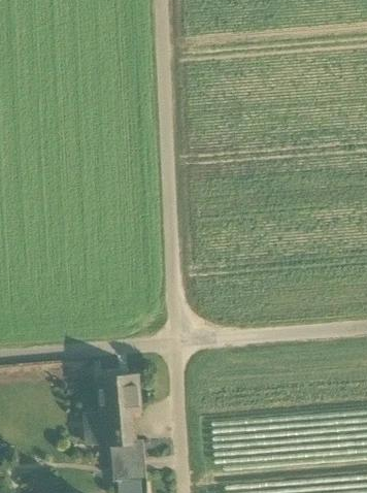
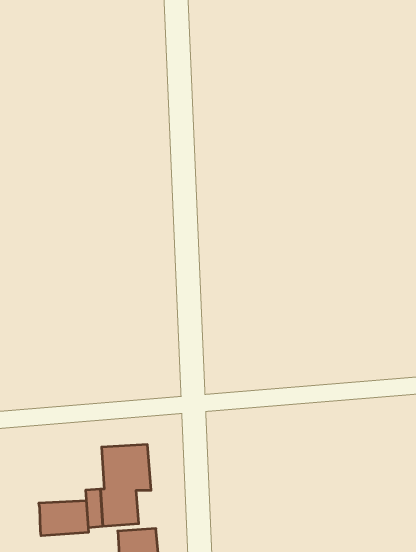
building: none -> [39,501,88,536]

